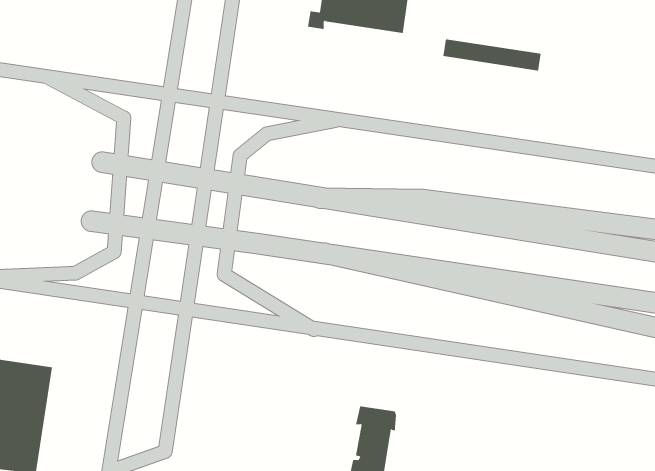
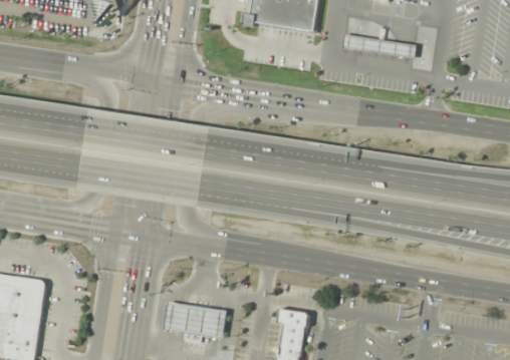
building: none -> [165,302,228,342]

